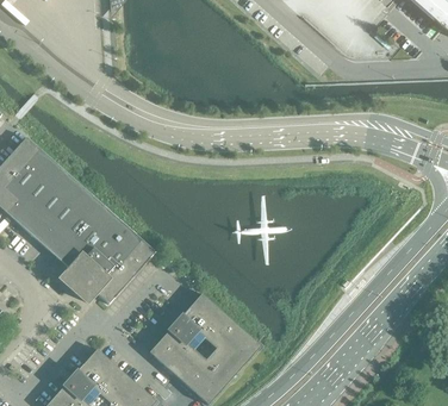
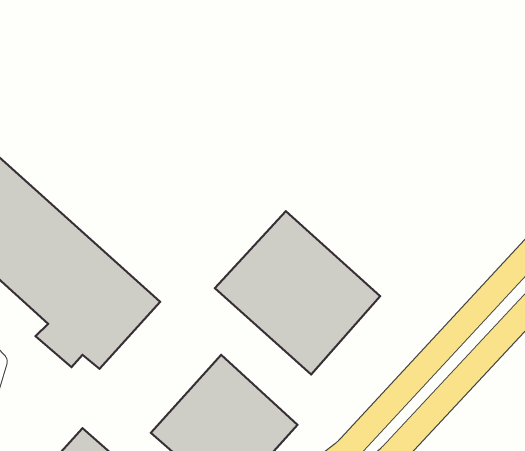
building: none -> [215,211,380,375]

